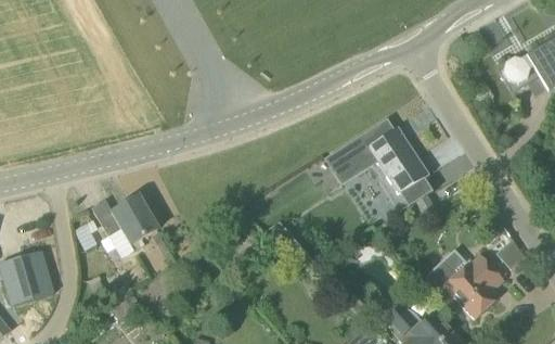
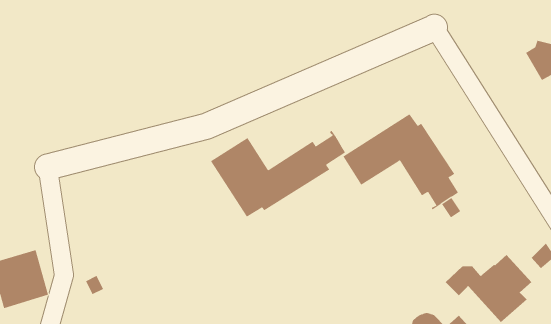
building: none -> [210,130,346,218]
building: [91,194,157,243] -> none

